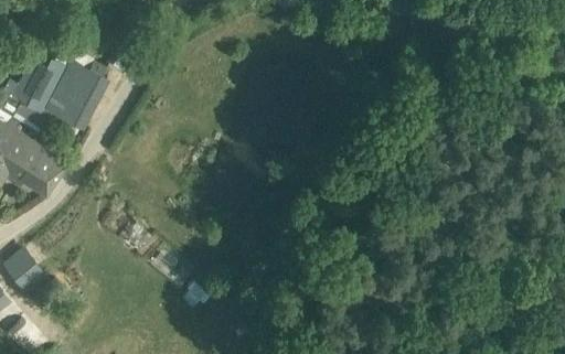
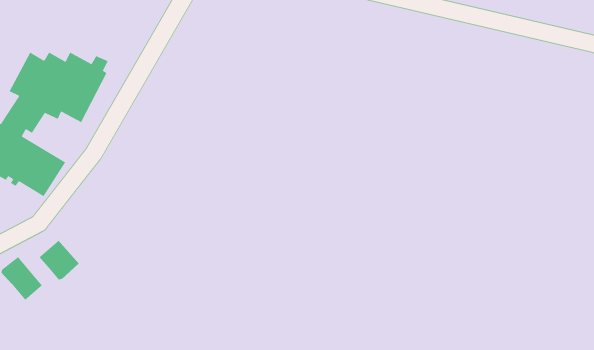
building: none -> [38,240,80,281]

